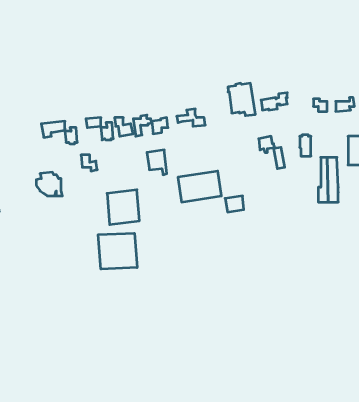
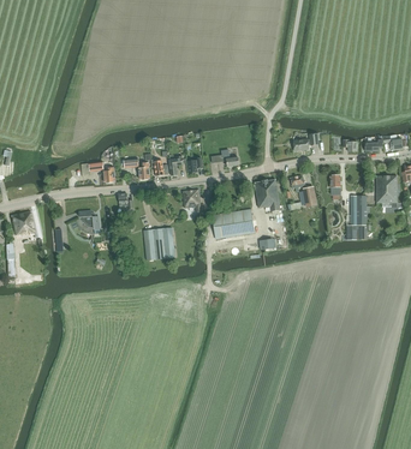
building: [228,83,255,116] -> [254,179,280,210]
building: [98,233,137,269] -> none

